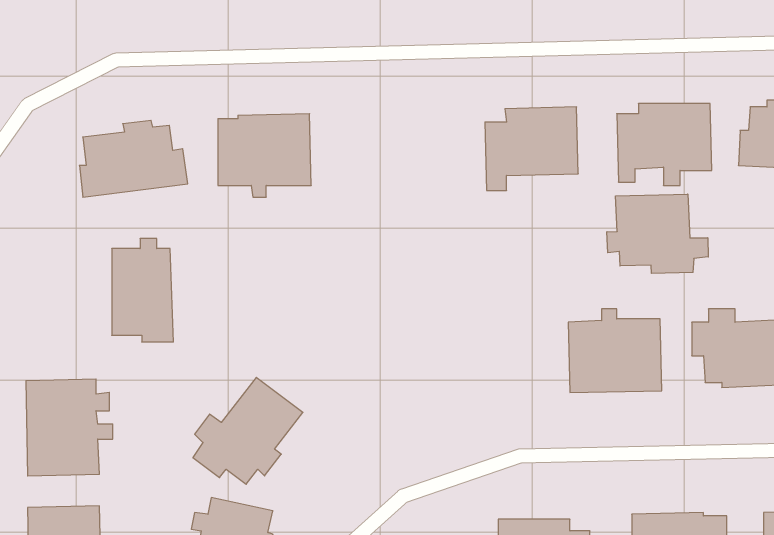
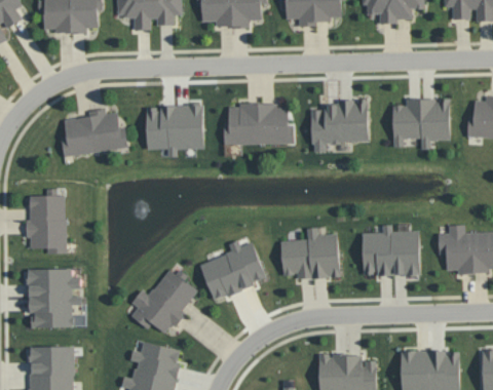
building: none -> [223,103,293,145]
building: [607,194,708,273] -> none
building: [112,239,173,342] -> [28,189,66,252]
building: none -> [280,227,339,279]
building: none -> [199,240,266,299]

